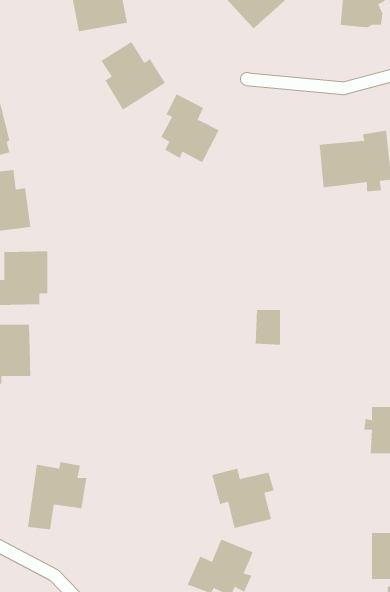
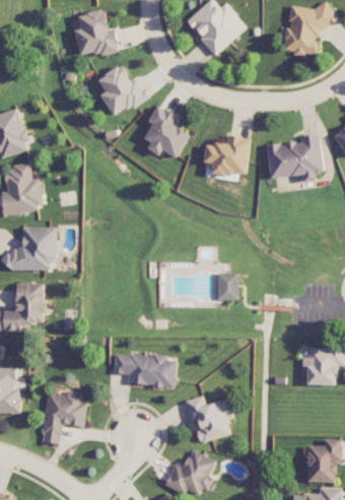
building: none -> [202,136,250,177]
building: none -> [112,353,176,388]

